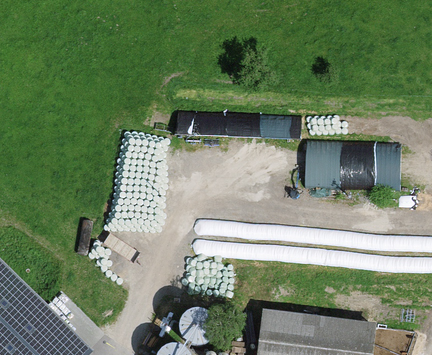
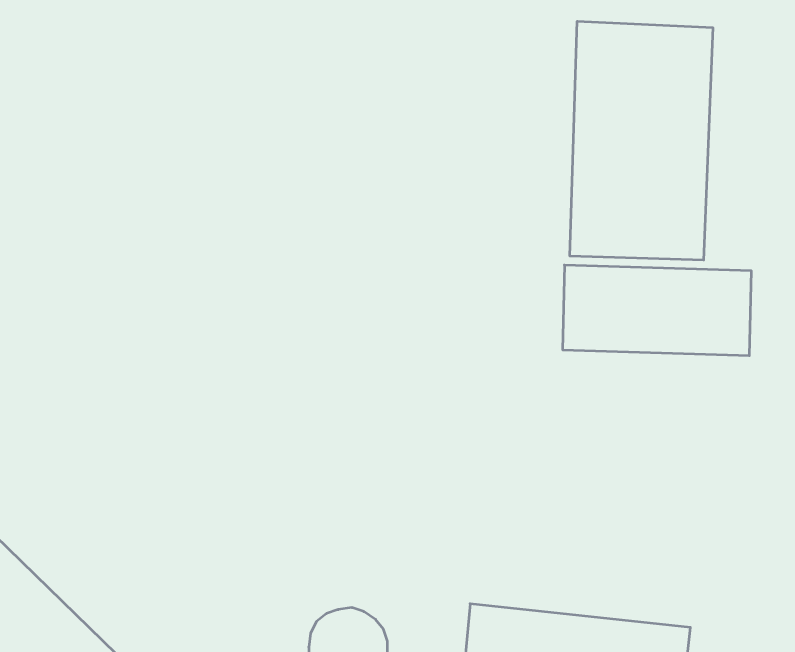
building: none -> [570,21,713,260]

